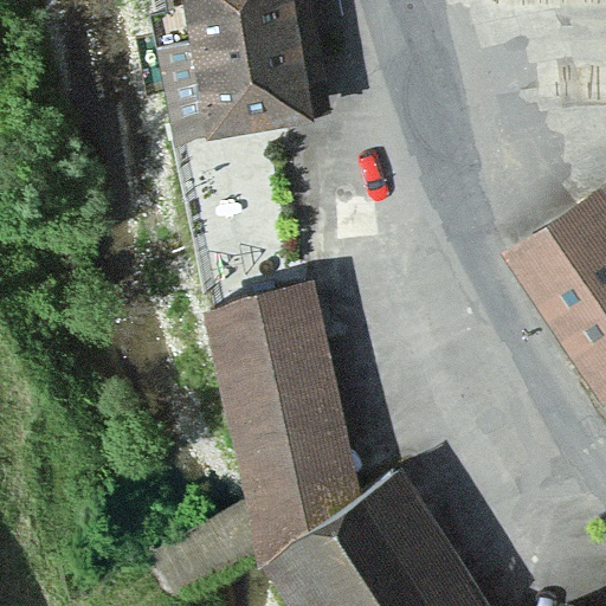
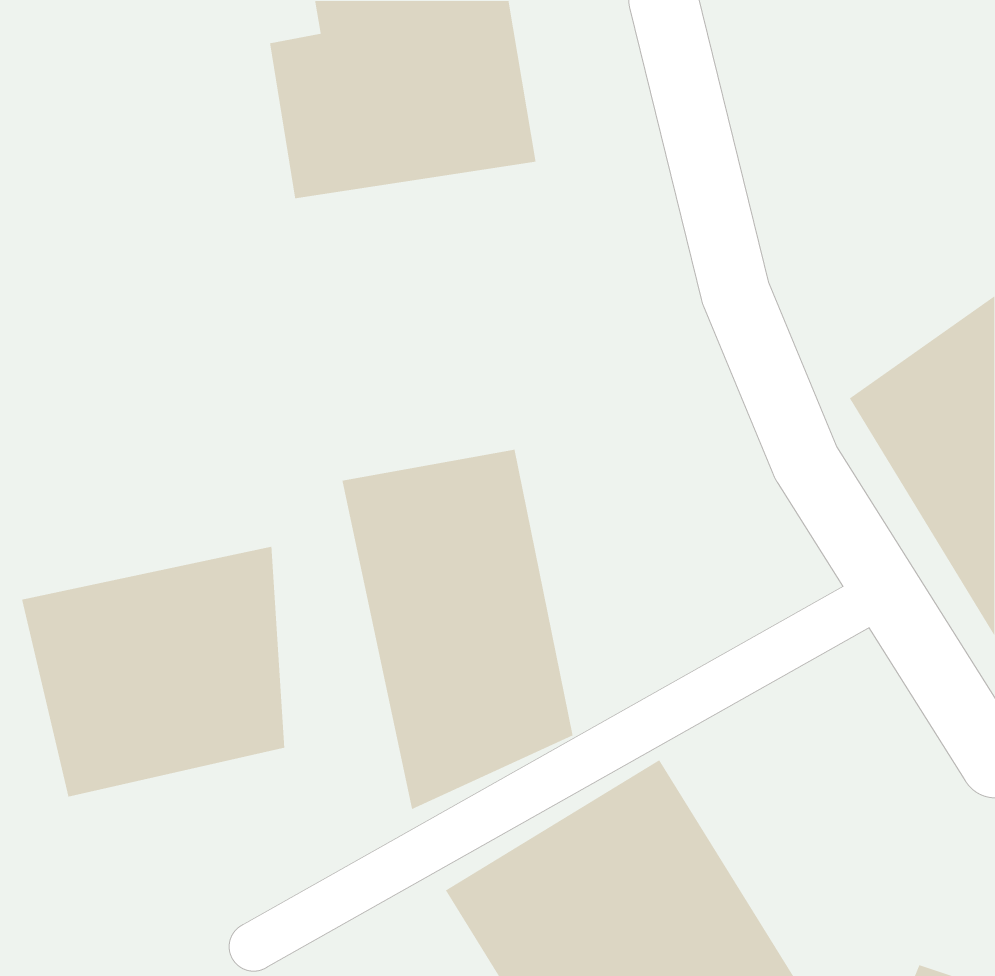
building: none -> [21,546,285,797]

